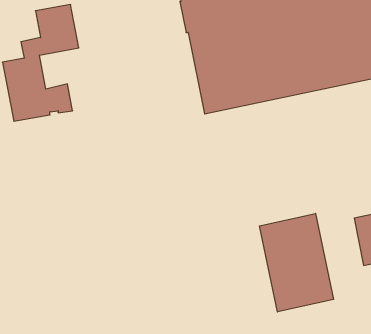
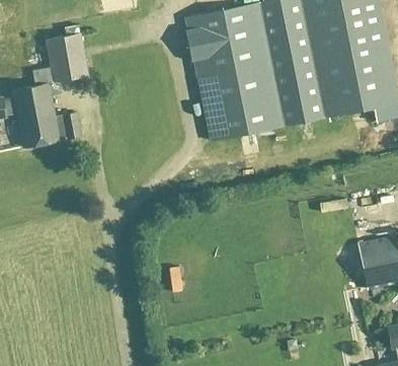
building: [259,213,334,312] -> none

